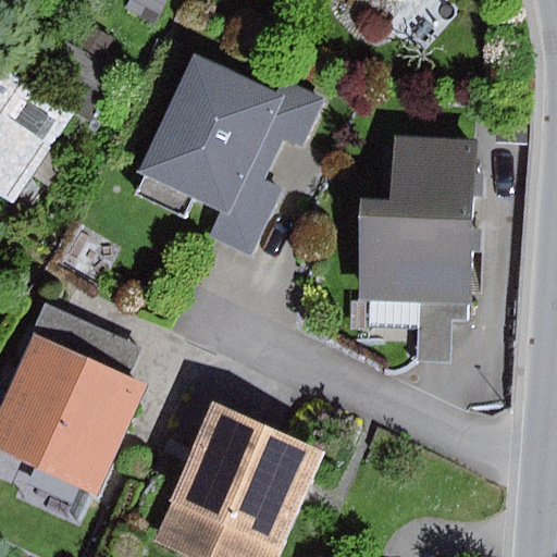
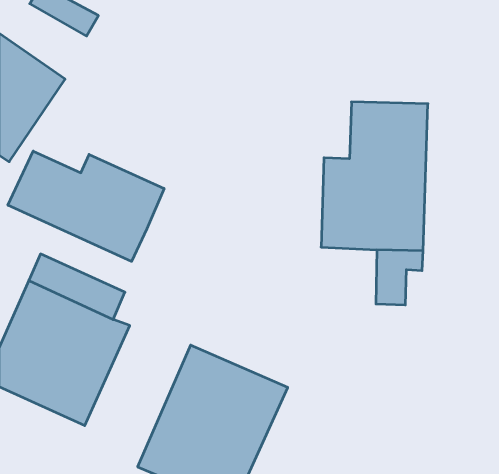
building: [135,52,323,258] -> none
building: none -> [8,151,164,261]

